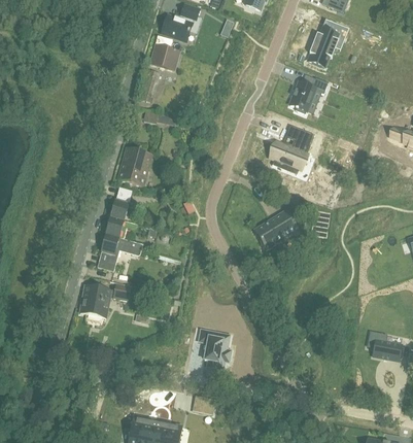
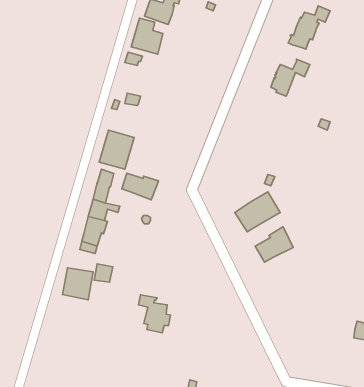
building: [271,128,313,169] -> none
building: none -> [122,173,159,200]
building: none -> [255,227,293,262]
building: [198,330,230,368] -> [139,295,170,333]

